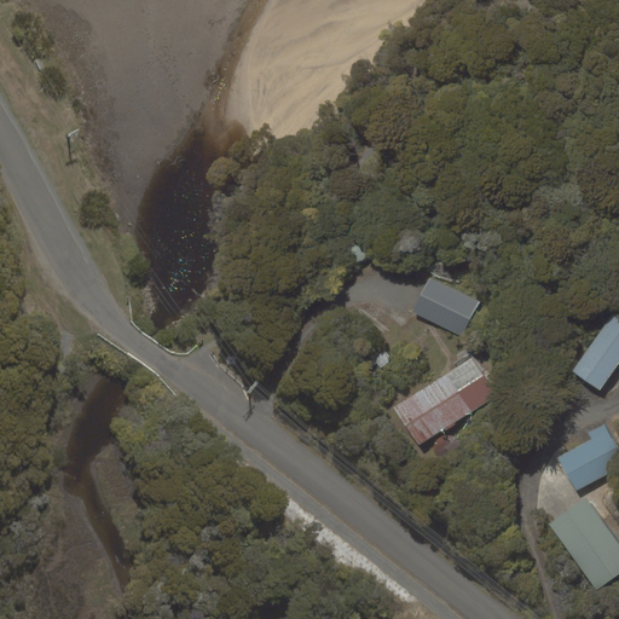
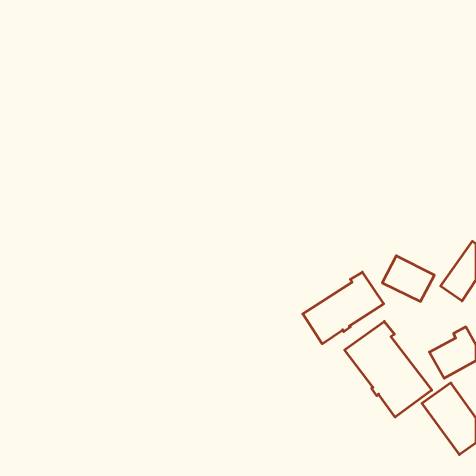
building: [412,277,480,336] -> [382,256,434,301]
building: none -> [345,321,432,417]

